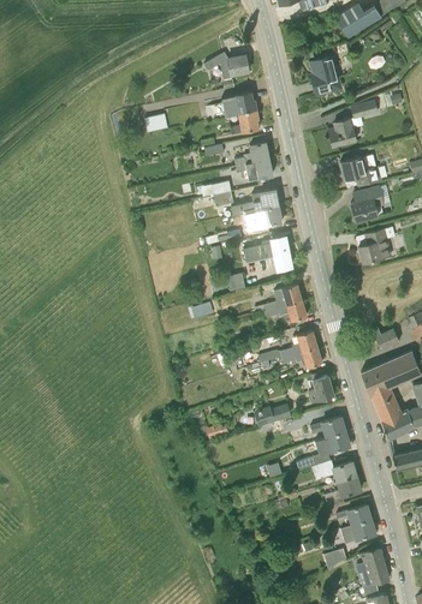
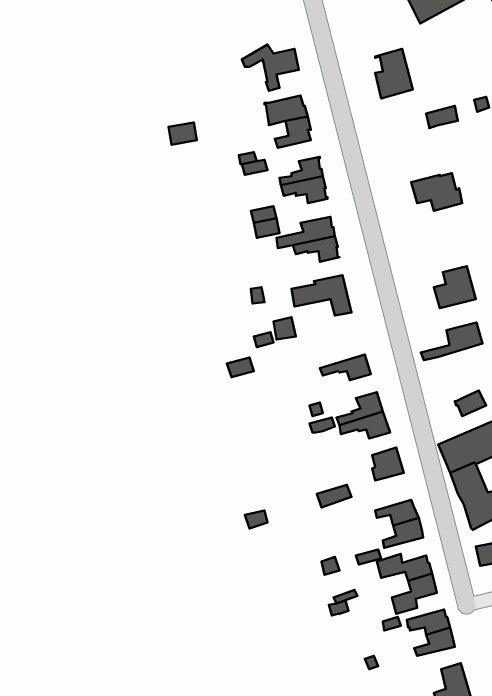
building: [327,119,355,146] -> none
building: [350,186,382,221] -> none
building: [252,283,302,313] -> [421,323,482,360]

